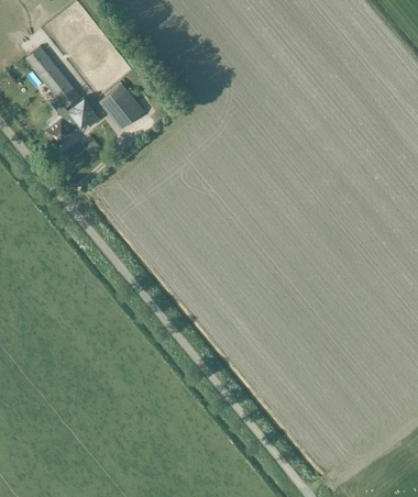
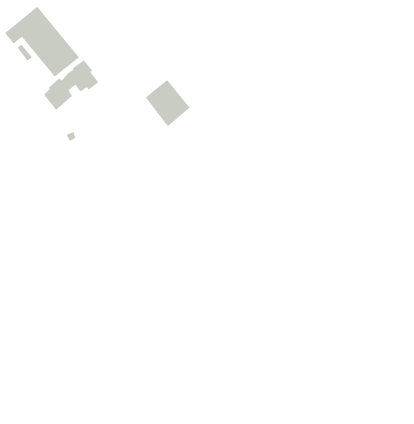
building: [100,84,144,130] -> [145,79,190,127]

